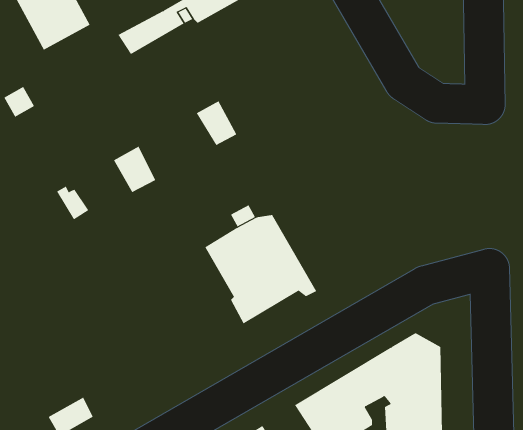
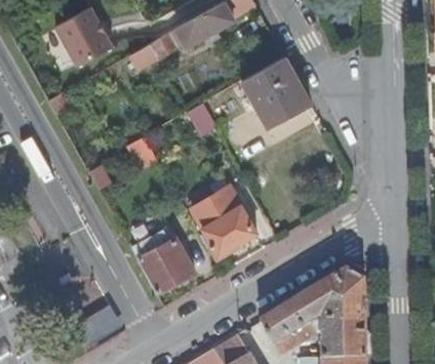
building: none -> [241,56,310,127]
building: none -> [130,232,193,292]

